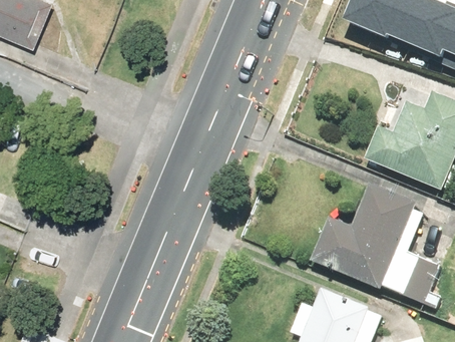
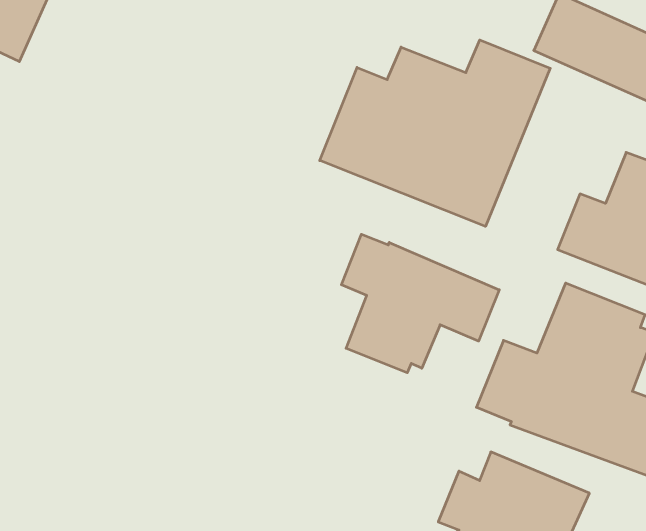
building: none -> [320,40,550,226]
building: none -> [341,234,499,373]

